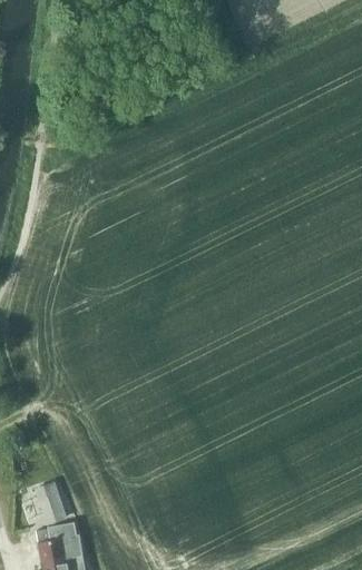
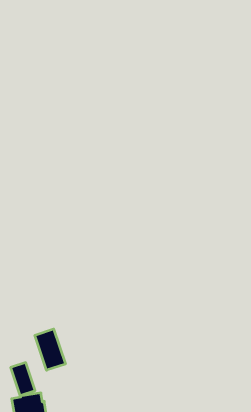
building: none -> [35,329,65,370]

